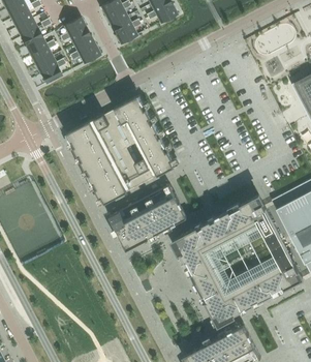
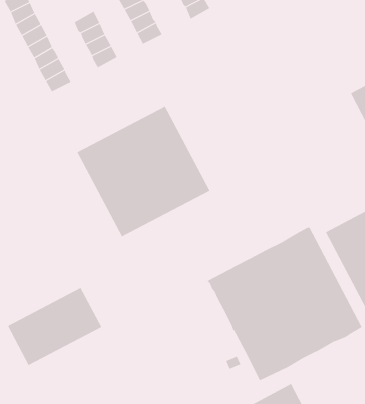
building: [110,184,188,249] -> [7,287,102,366]

